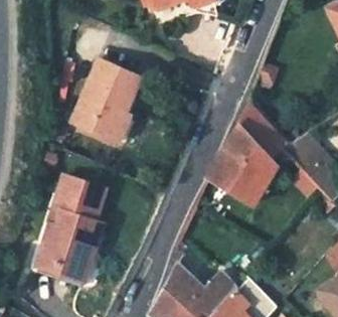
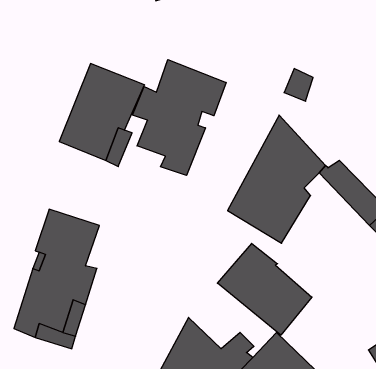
building: none -> [132,60,226,175]
building: none -> [217,243,312,335]

